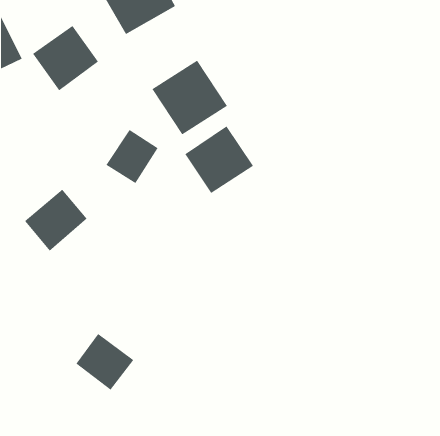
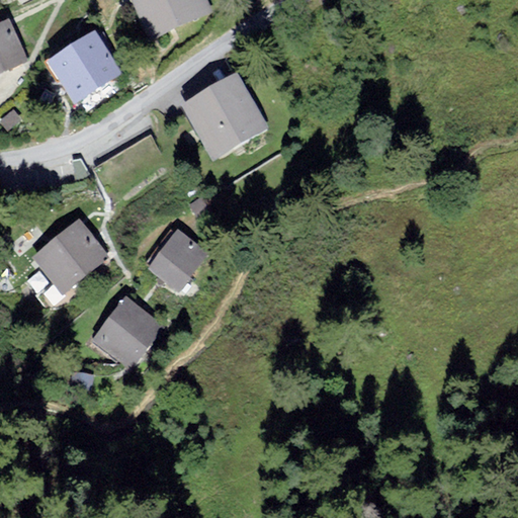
building: [185,126,254,194] -> none
building: [106,129,158,184] -> [148,225,209,288]
building: [75,333,134,391] -> [100,301,169,368]

